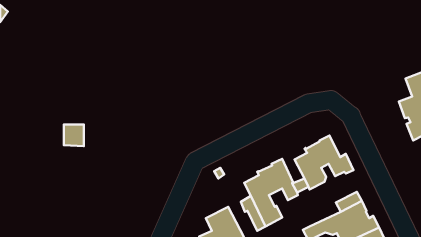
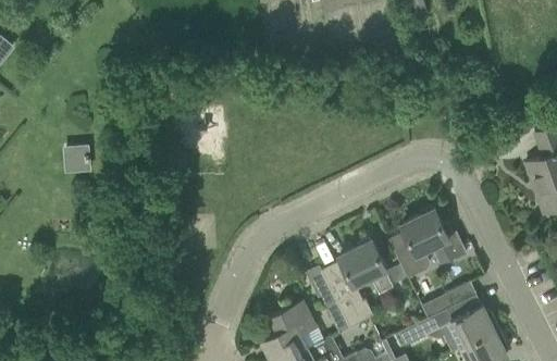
building: [64,125,84,146] -> [62,145,88,173]

